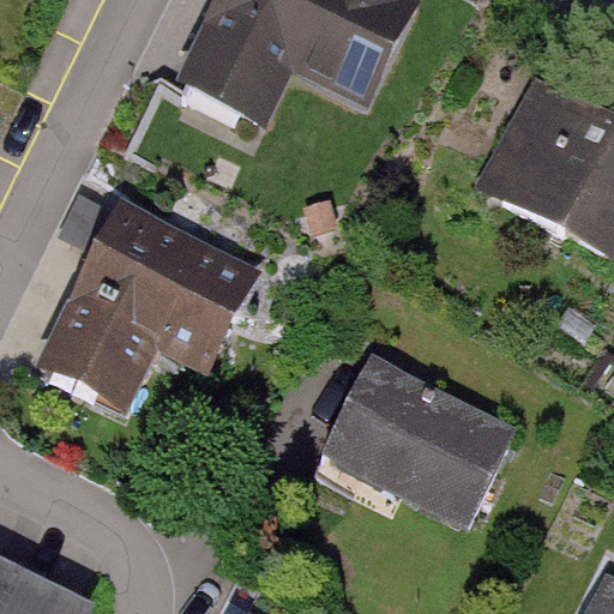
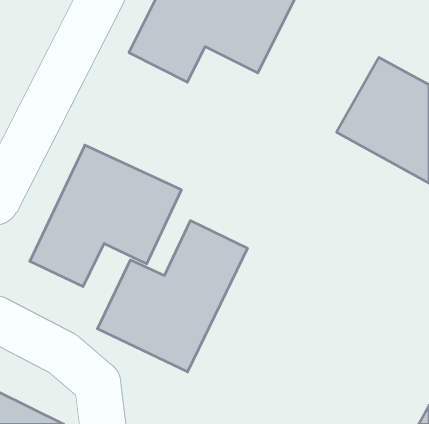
building: none -> [97,221,247,372]
building: [324,359,514,528] -> none

